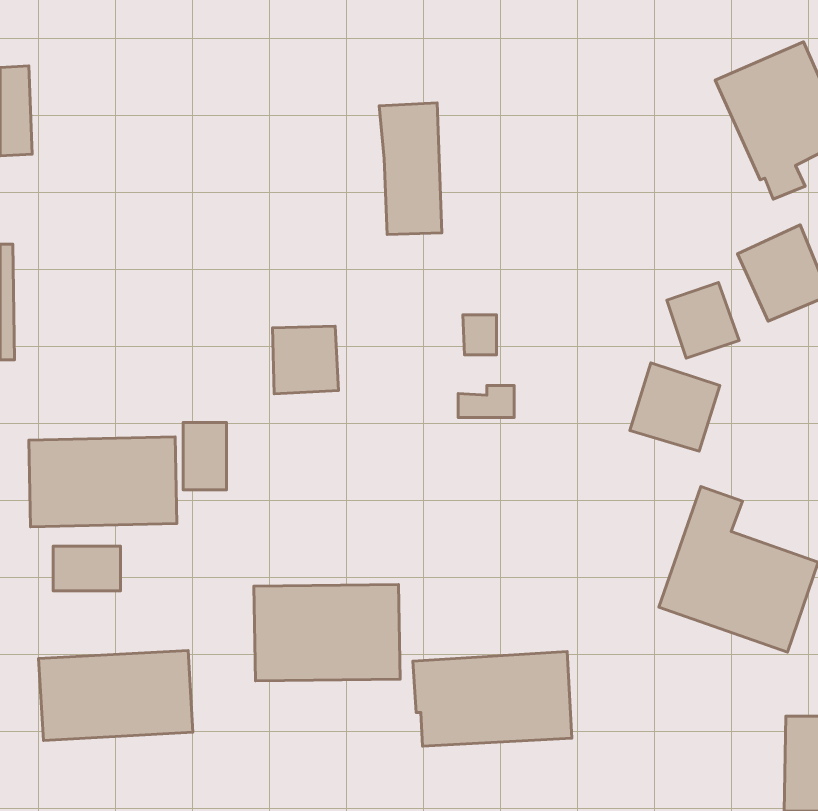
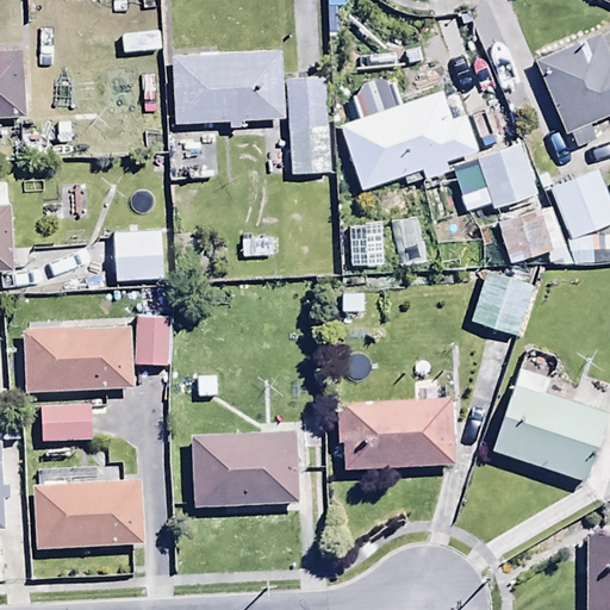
building: none -> [173,50,287,123]
building: none -> [338,74,477,192]
building: none -> [477,144,537,211]
building: [273,326,338,394] -> [114,231,163,281]
building: [413,652,572,746] -> [337,399,455,469]

